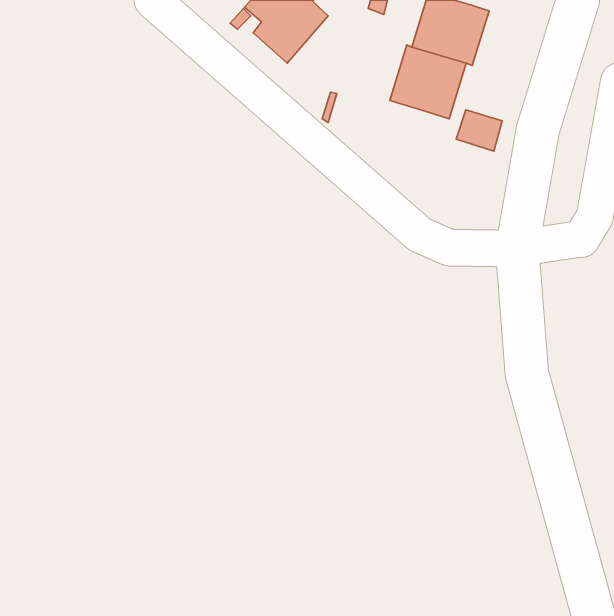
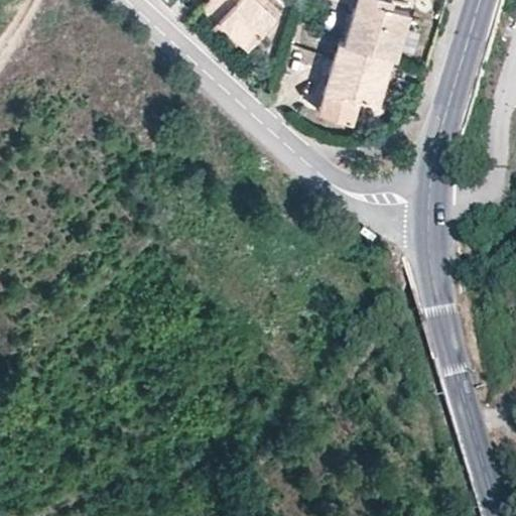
building: [456,110,502,151] -> [320,87,359,121]

